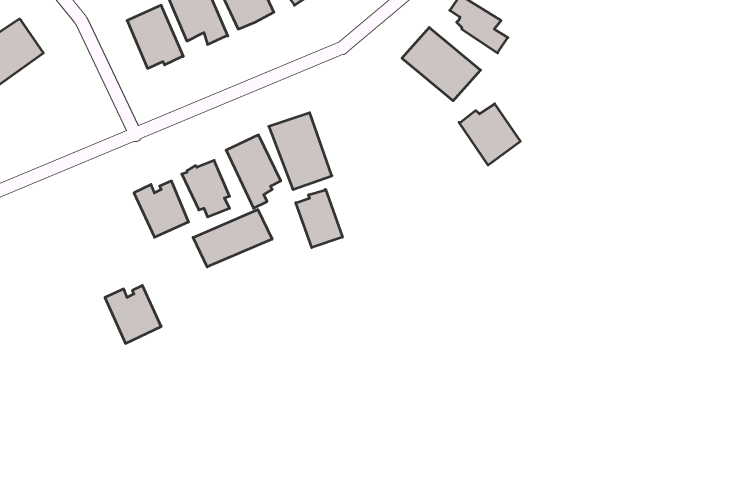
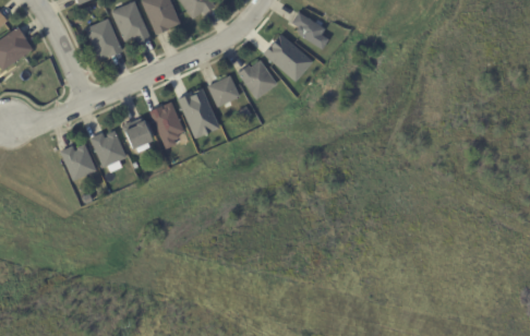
building: none -> [207,75,240,107]
building: [459,104,520,165] -> [238,60,277,99]
building: [296,189,342,248] -> none
building: [193,210,272,267] -> none
building: [105,285,161,343] -> [60,144,96,181]

